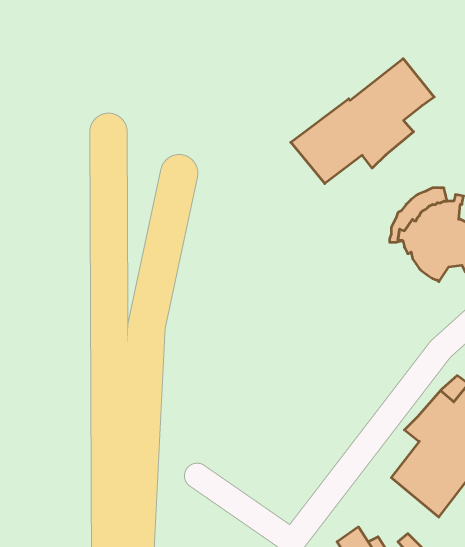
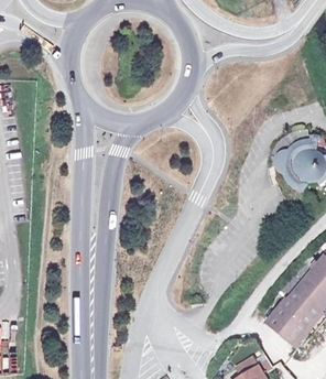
building: [291,59,434,184] -> none

